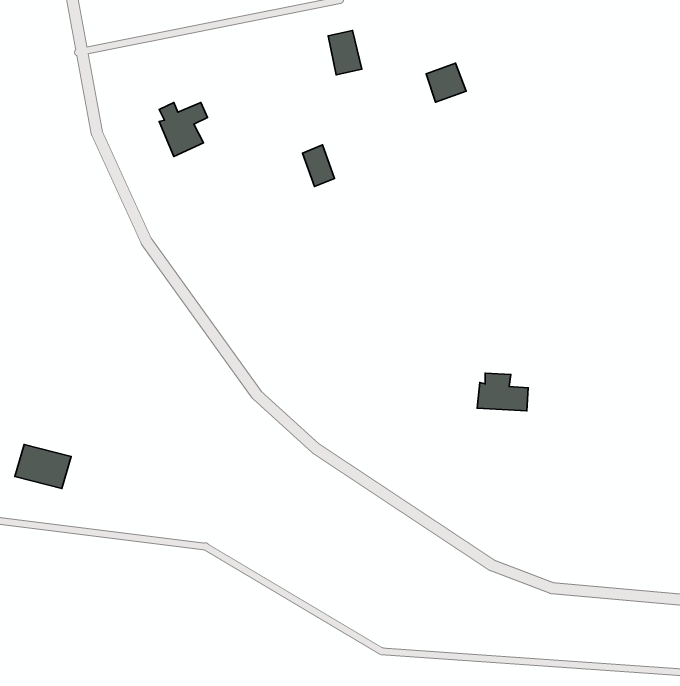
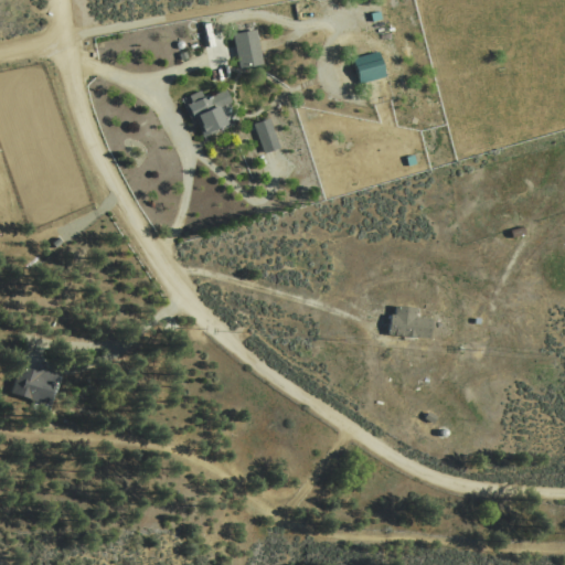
building: [328,30,362,75] -> [236,31,264,67]
building: [159,103,207,156] -> [190,92,230,136]

